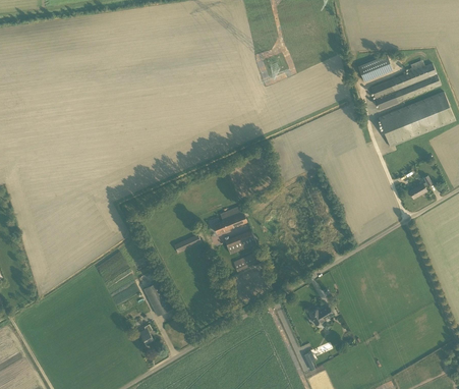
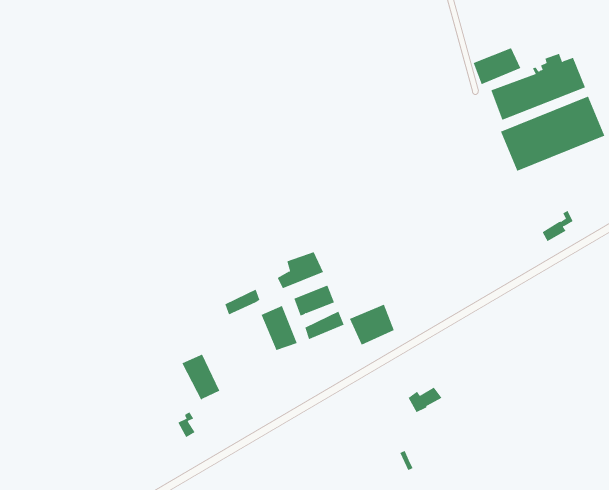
building: none -> [349,304,395,346]
building: none -> [261,305,297,351]

